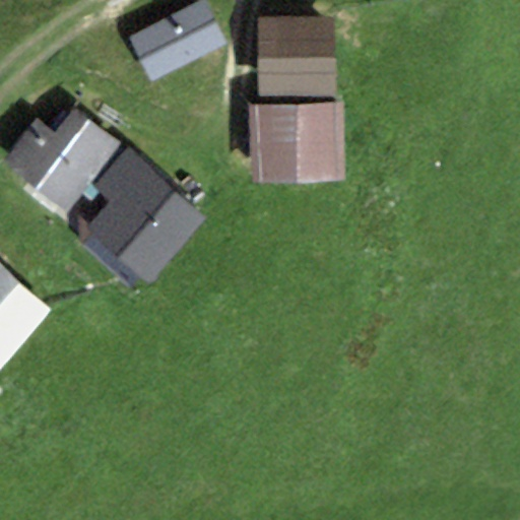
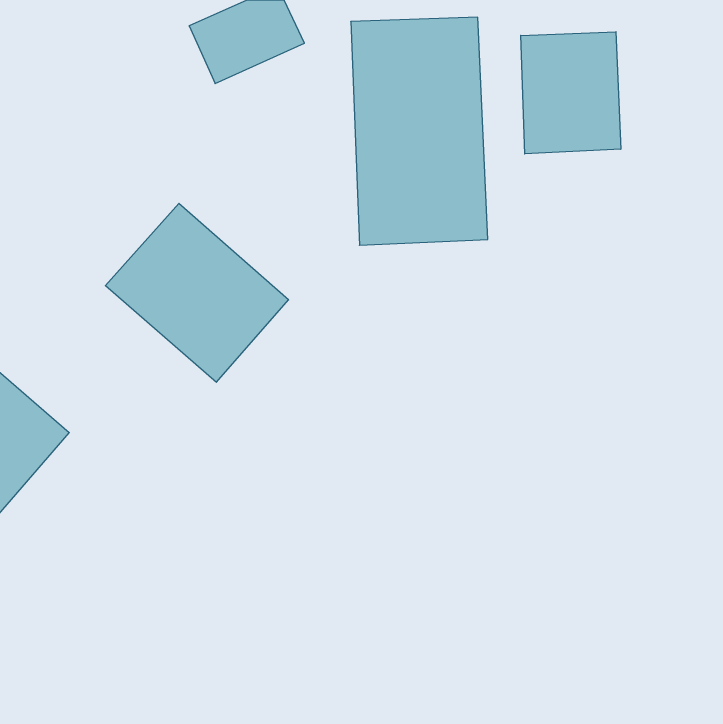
building: none -> [521,32,621,154]
building: [8,98,119,208] -> none

